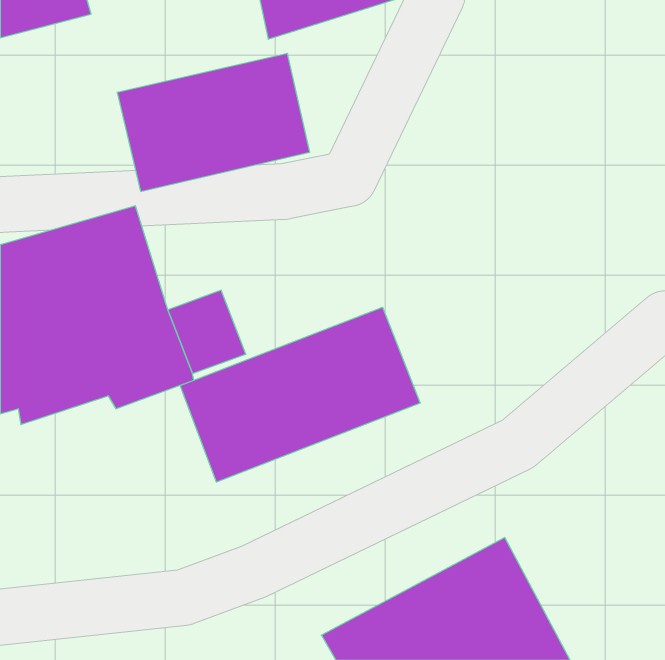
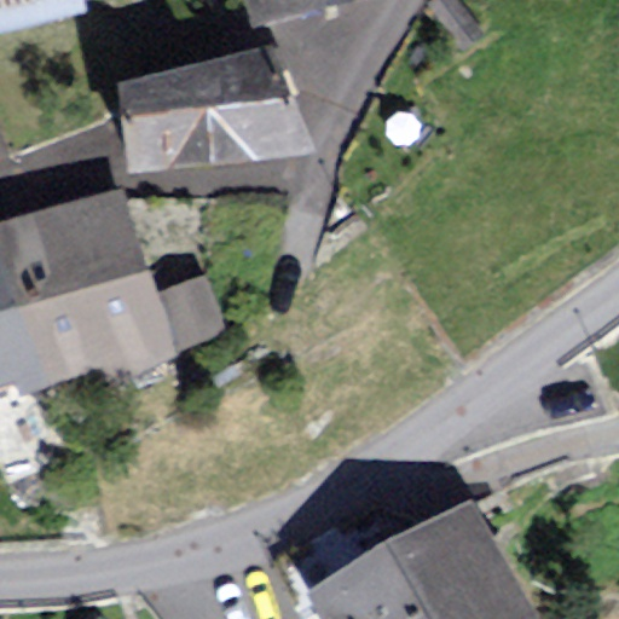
building: [180,307,420,482] -> none

